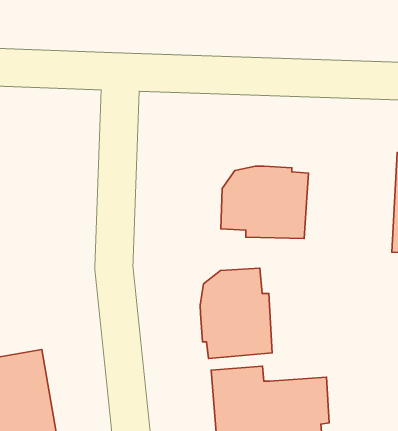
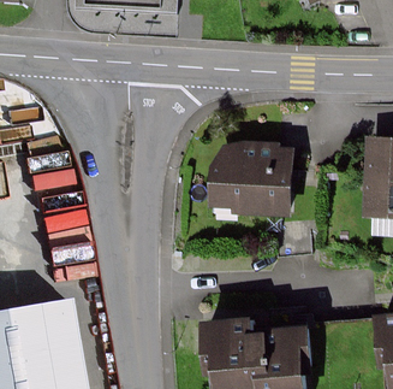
building: [200,268,272,359] -> none

